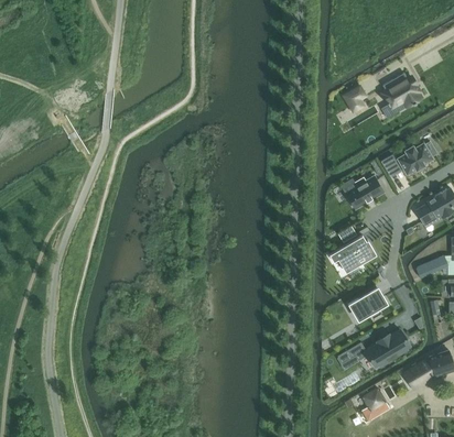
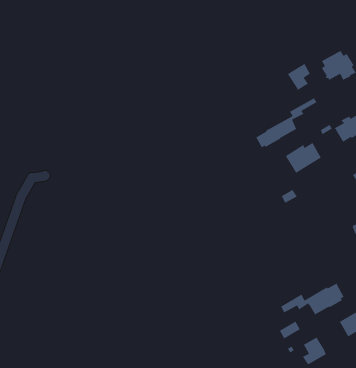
building: none -> [255,97,317,149]
building: [329,234,376,272] -> none
building: [350,286,388,320] -> none

